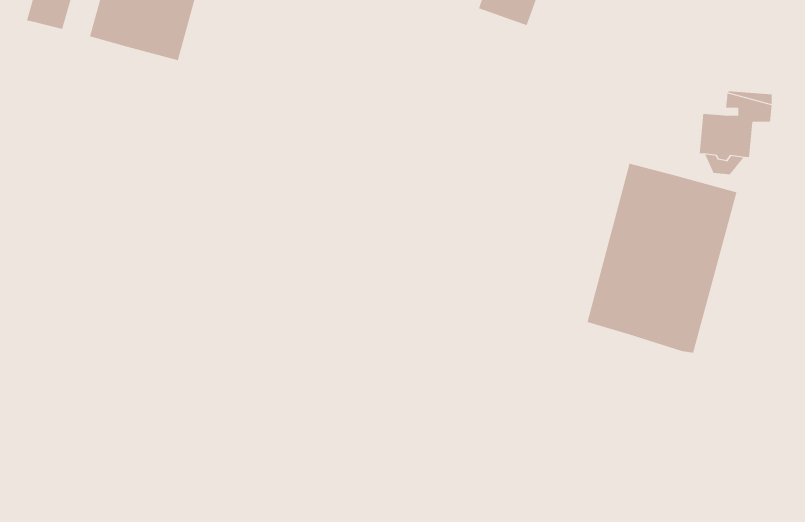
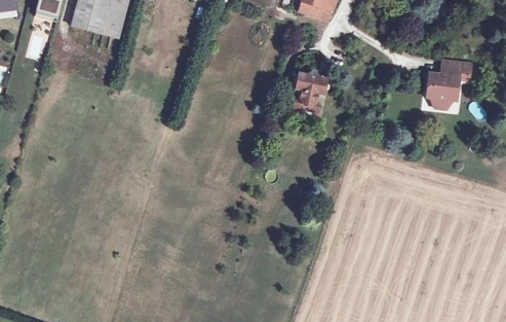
building: none -> [294,69,326,113]
building: [587,163,737,353] -> none

